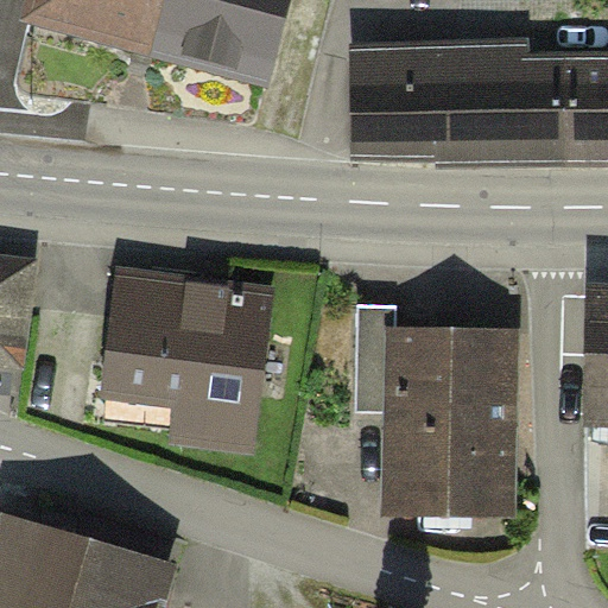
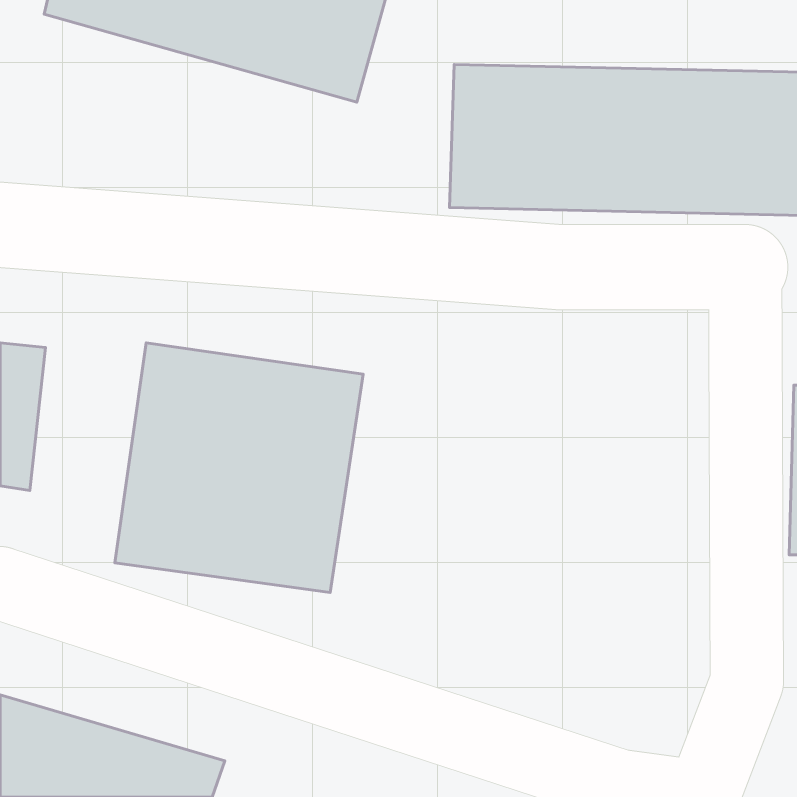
building: [374,330,517,518] -> none

